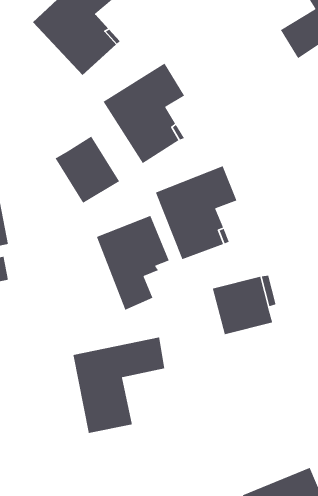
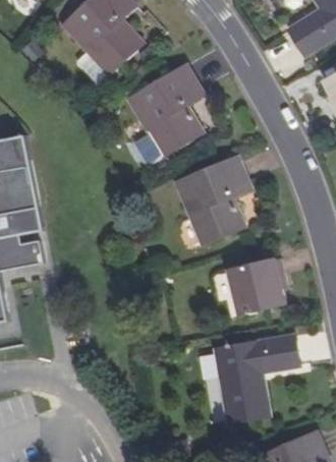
building: [54,136,120,204] -> none
building: [96,215,170,311] -> none
building: [73,337,165,434] -> [214,335,298,423]

